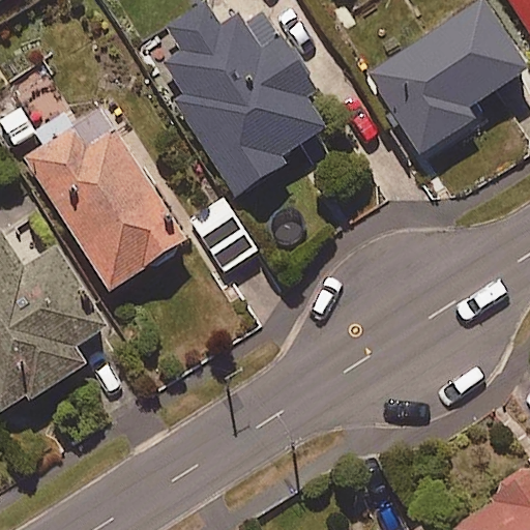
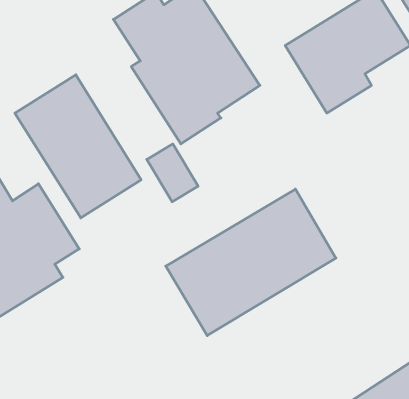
building: none -> [166,189,336,336]

